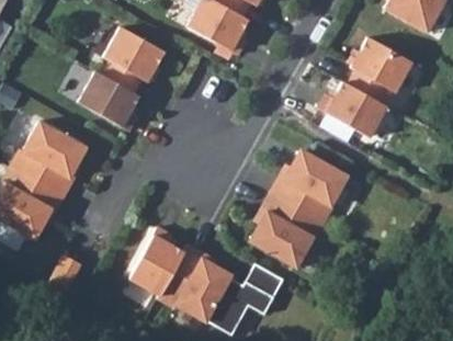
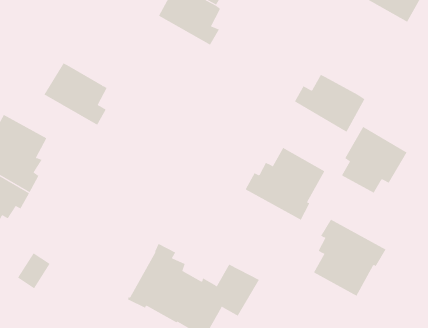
building: [103,27,165,93] -> none
building: [348,37,411,102] -> [341,126,407,194]
building: [254,193,325,268] -> [313,219,386,296]
building: [129,228,184,296] -> none

